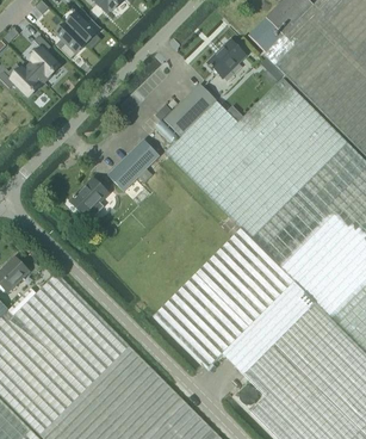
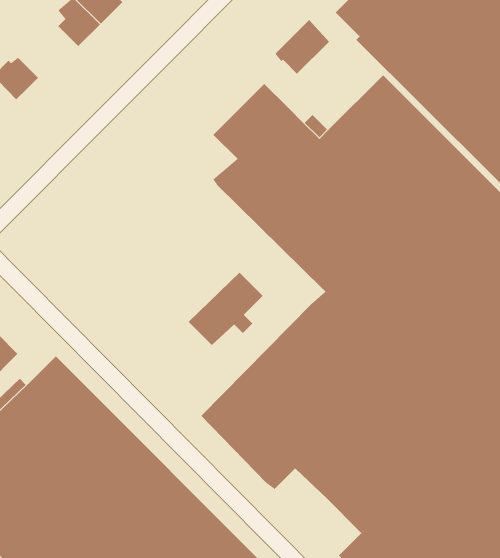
building: [29,35,60,80] -> none
building: [106,140,159,191] -> [188,272,263,346]
building: [68,177,107,216] -> none

